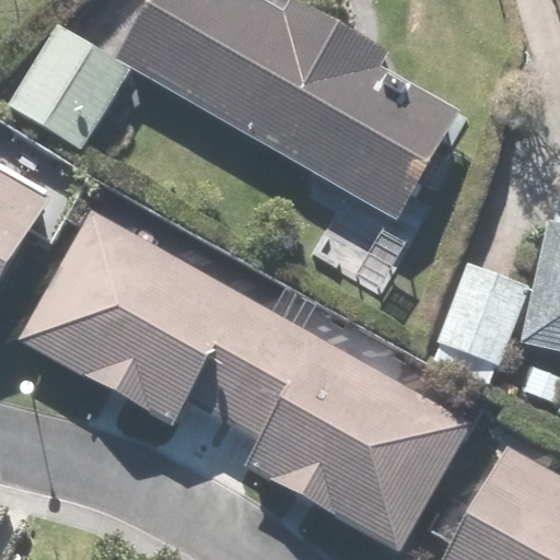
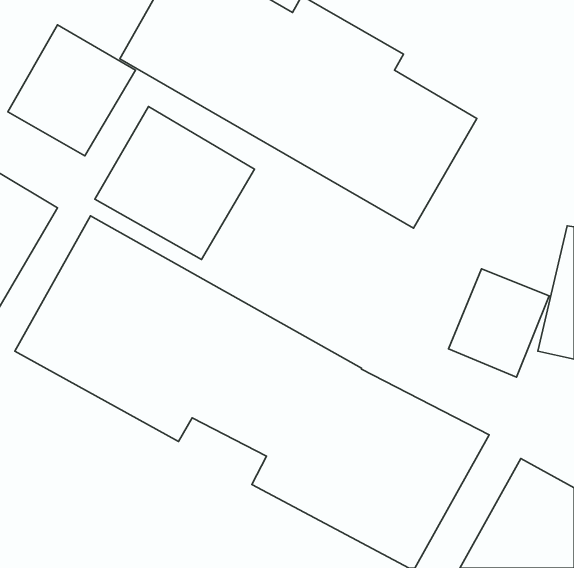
building: none -> [95,107,255,260]

